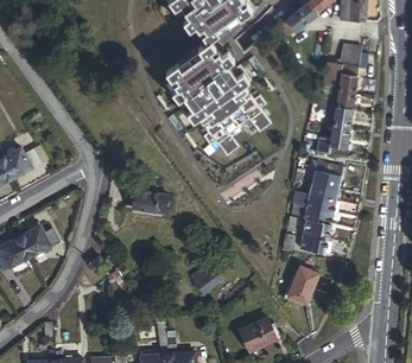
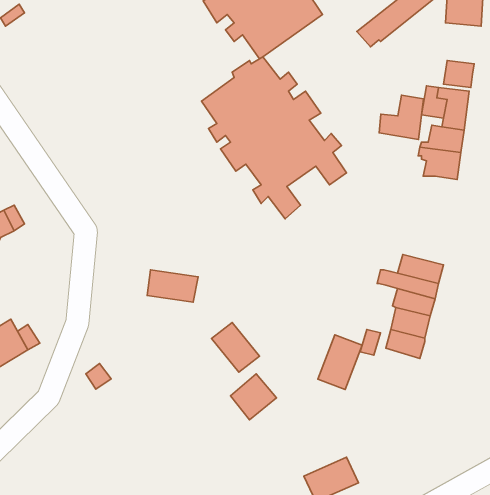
building: [318,126,349,157] -> [379,95,424,140]
building: [311,163,343,187] -> none
building: none -> [211,322,260,372]
building: [287,266,318,304] -> [318,335,362,389]

